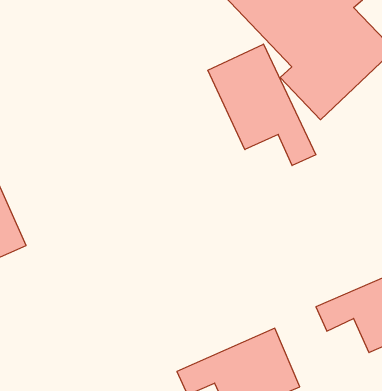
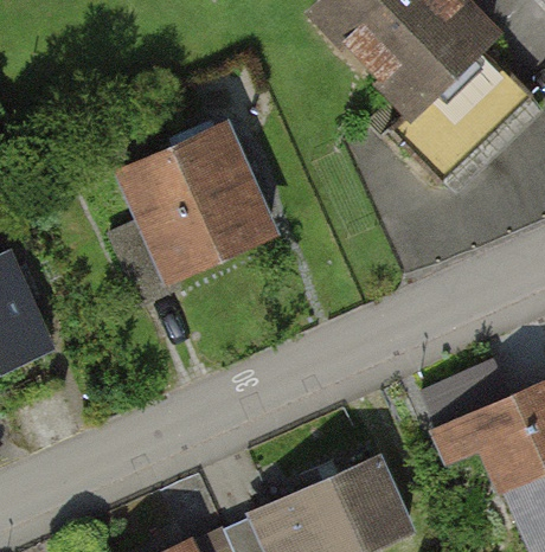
building: [208,44,316,166] -> none
building: none -> [114,128,274,303]

